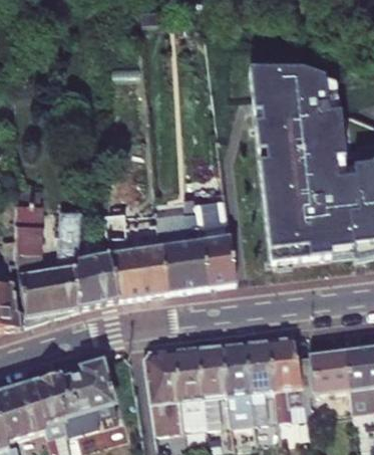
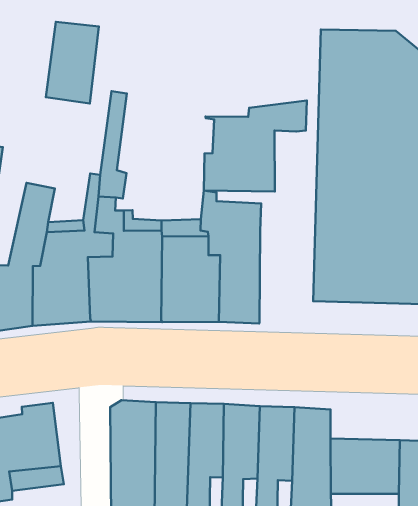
building: none -> [46,22,99,104]
building: none -> [204,101,307,192]

